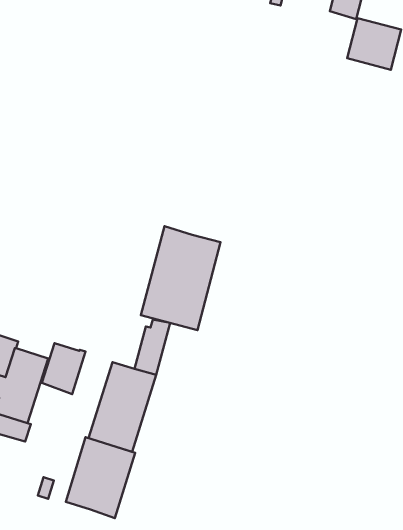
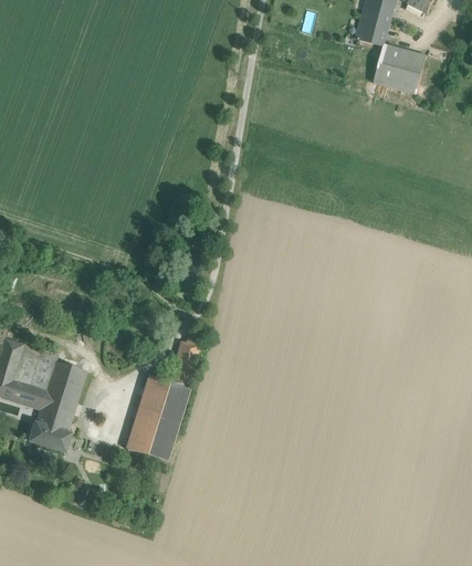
building: [141,226,220,330] -> none
building: [42,343,86,394] -> none
building: [66,437,135,518] -> none

